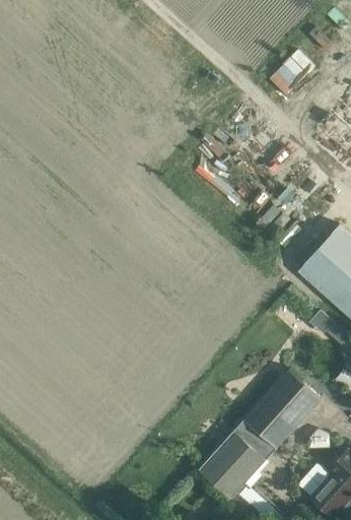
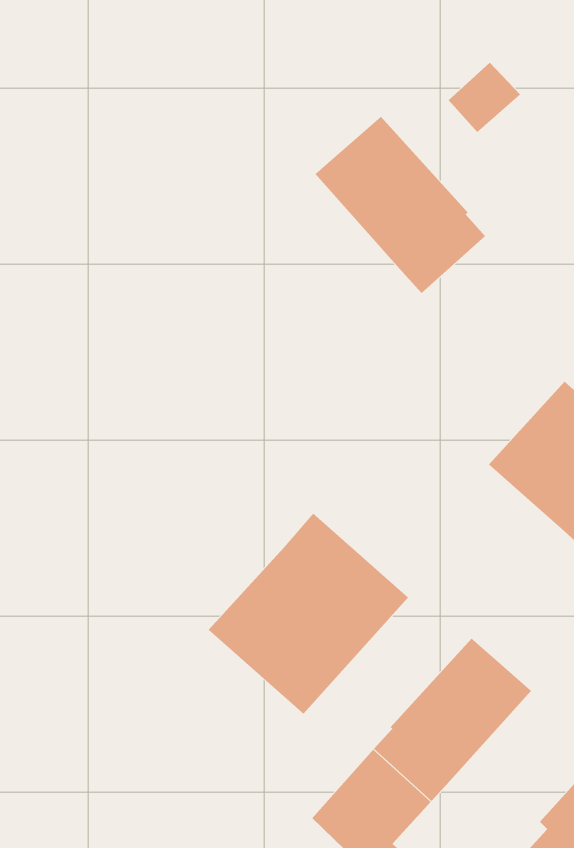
building: none -> [314,116,486,294]
building: none -> [208,513,409,715]

